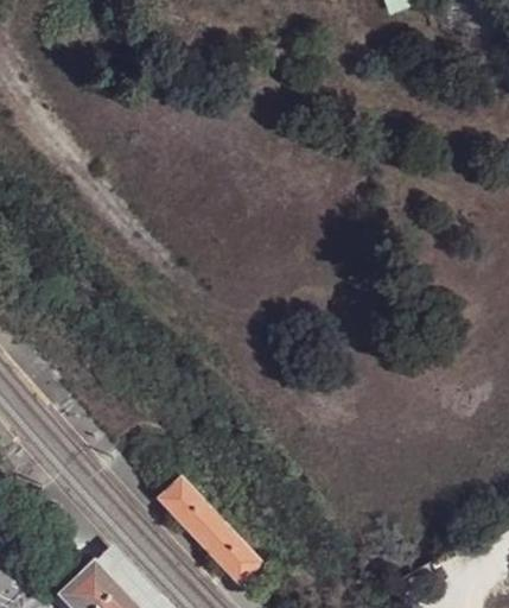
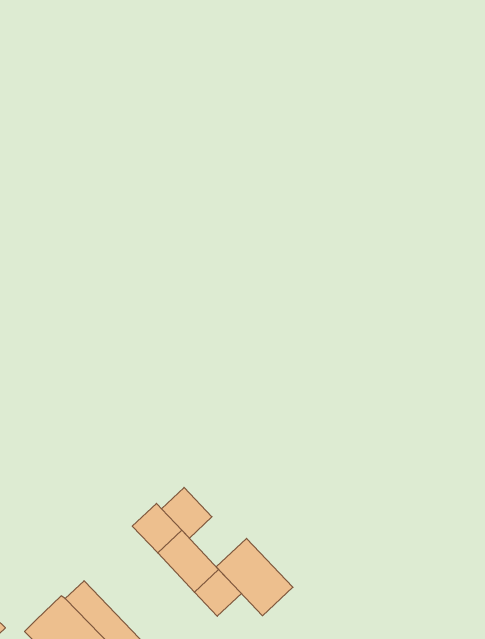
building: none -> [162,487,212,538]
building: none -> [216,538,293,616]

